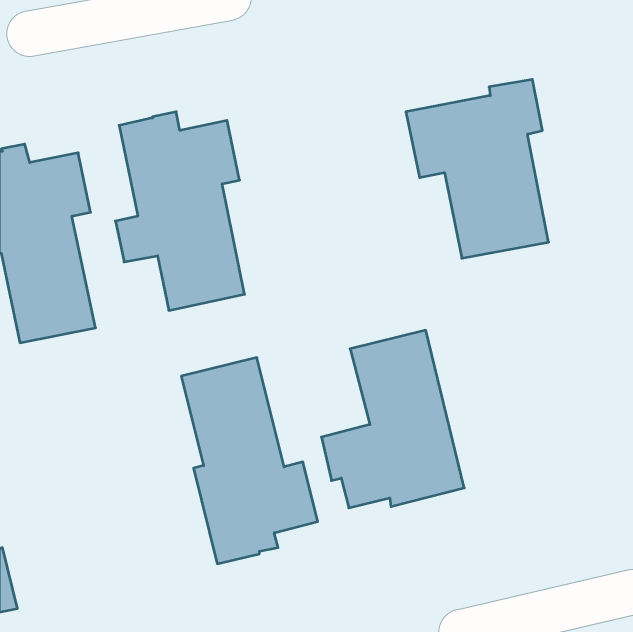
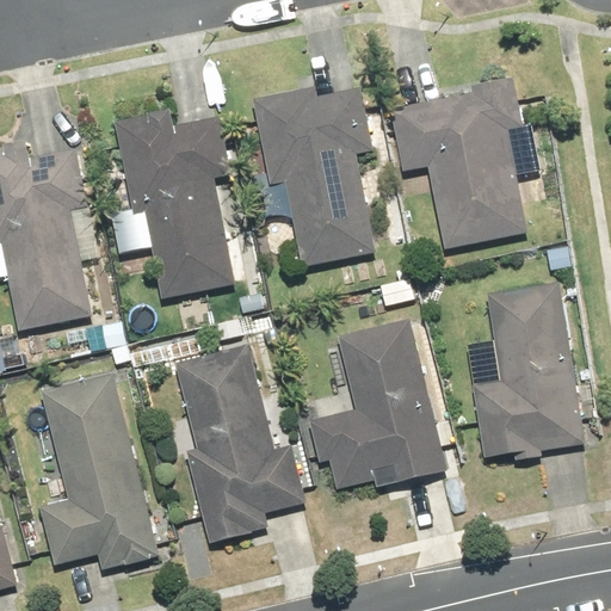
building: none -> [252,86,376,265]
building: none -> [473,282,585,459]
building: none -> [39,372,160,569]

